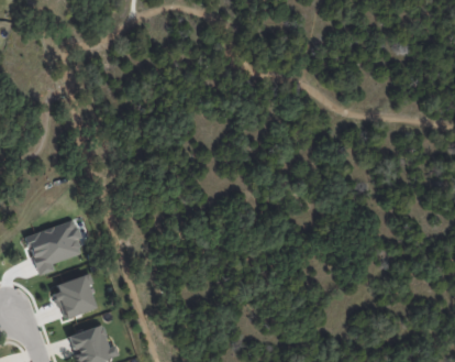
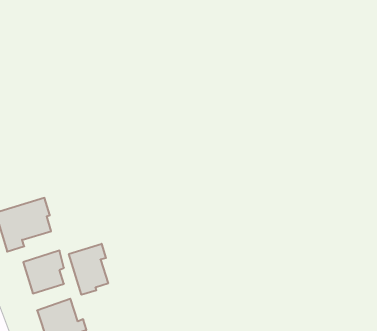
building: none -> [69,244,108,295]

